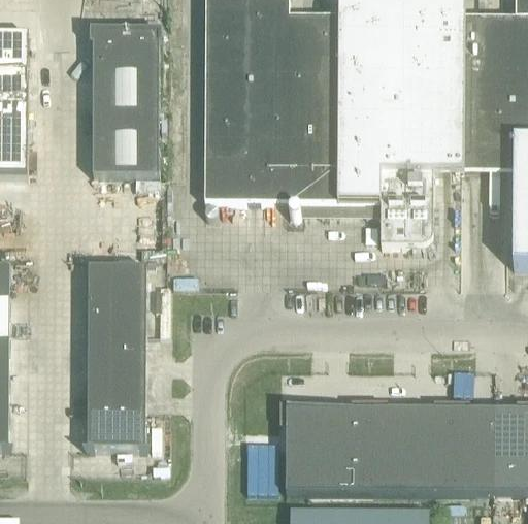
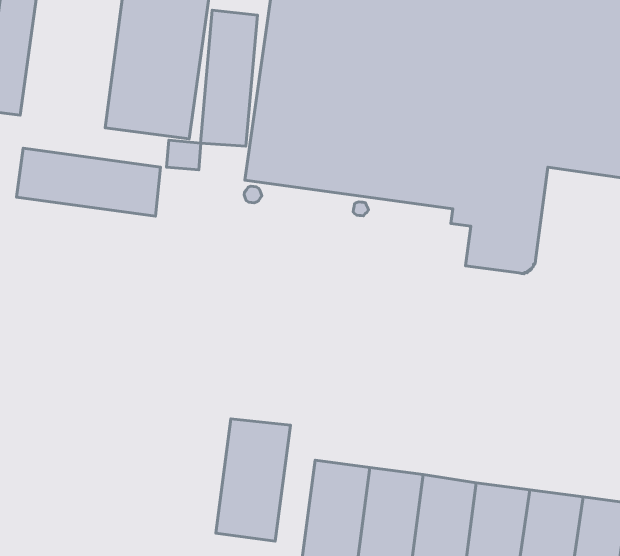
building: none -> [200,10,257,146]
building: none -> [16,148,160,216]
building: [88,262,146,446] -> none
building: none -> [216,419,291,541]

